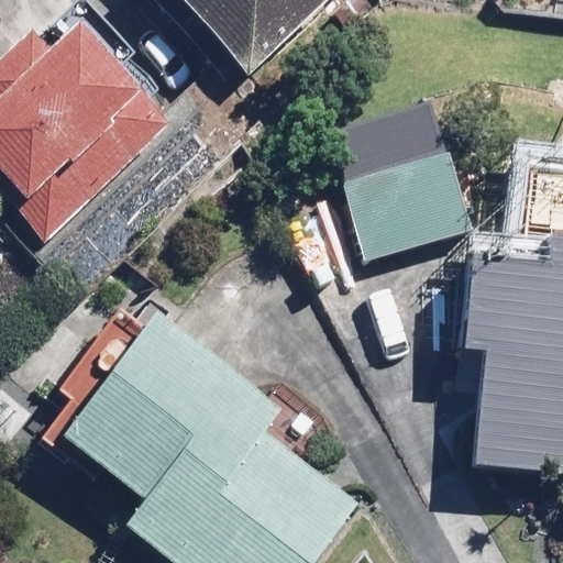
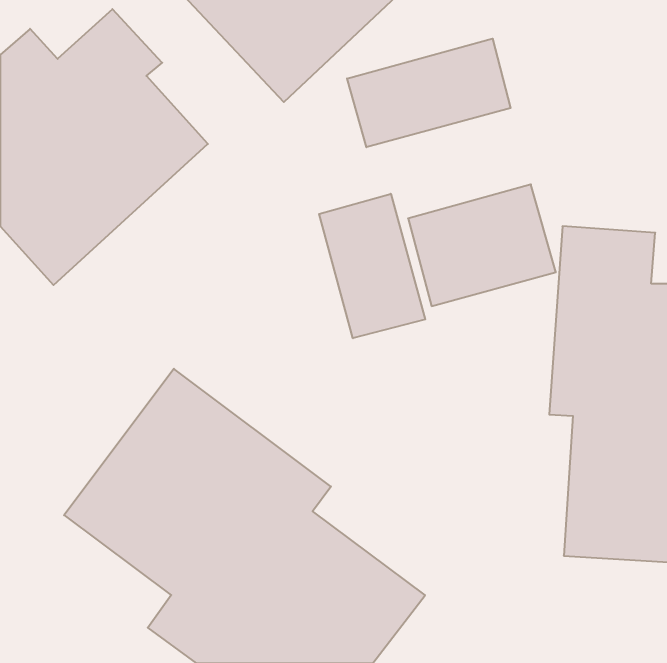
building: none -> [347,39,511,147]
building: none -> [319,194,425,338]

